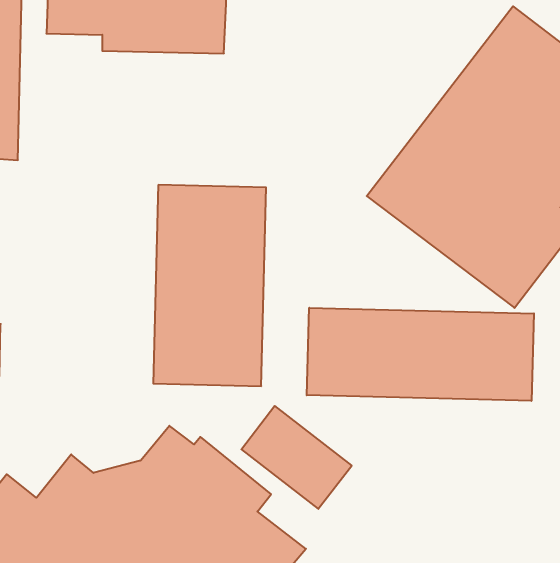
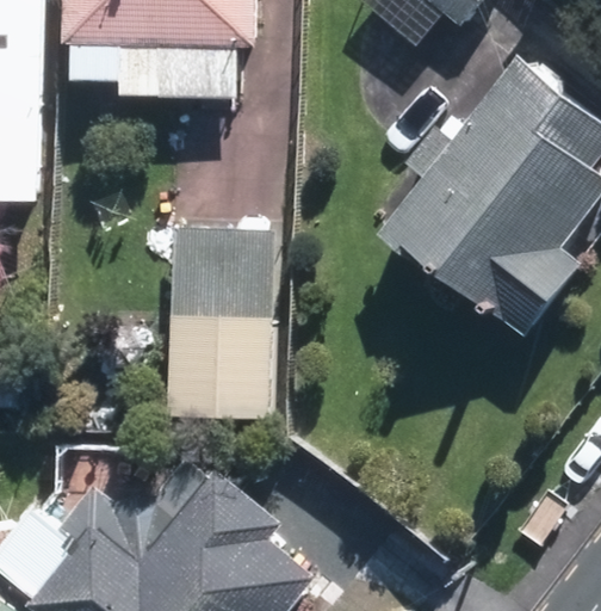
building: [307,308,534,401] -> none

